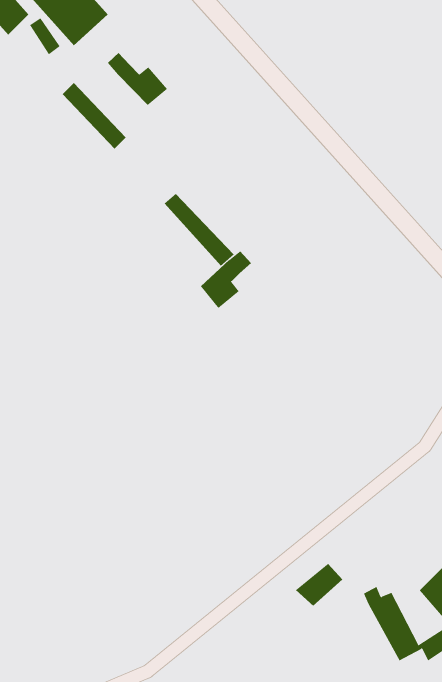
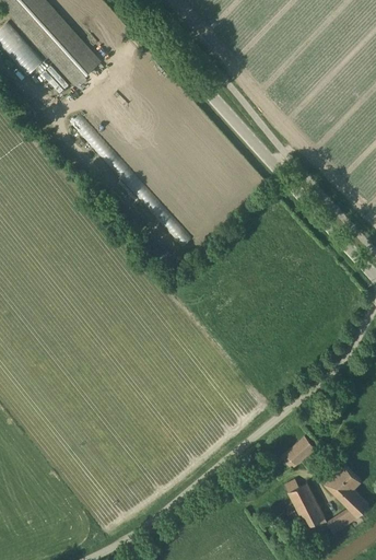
building: [107,52,168,106] -> none
building: [200,250,252,309] -> none
building: [295,563,343,607] -> [280,434,315,466]

